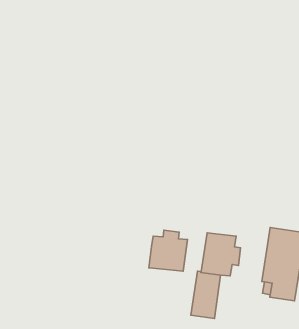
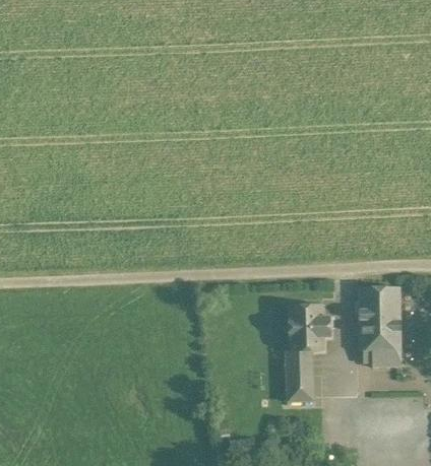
building: [149,230,188,271] -> none

